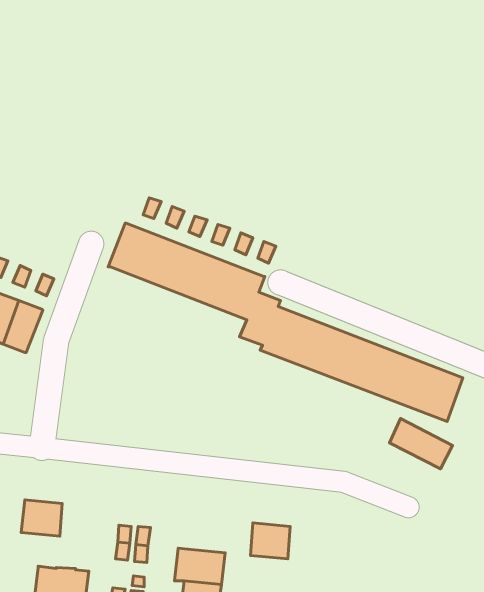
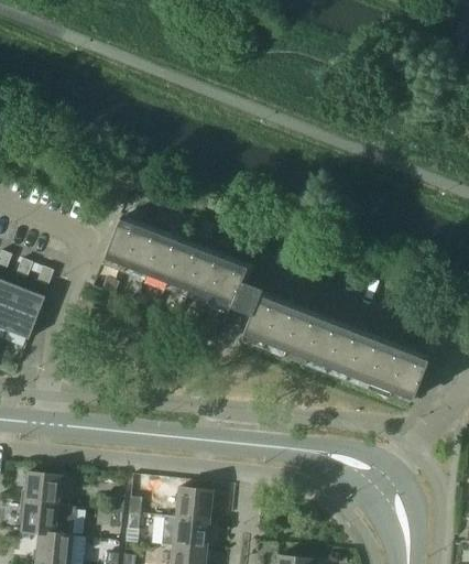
building: [390,418,452,469] -> none
building: [250,523,290,559] -> [176,487,212,520]
building: none -> [22,501,59,534]

